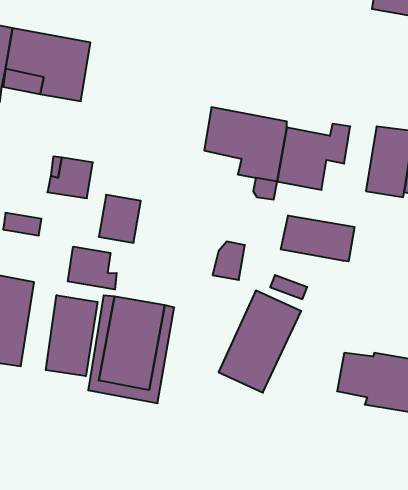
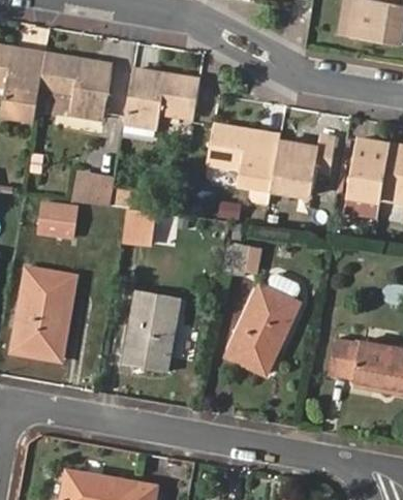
building: none -> [124,72,203,129]
building: [281,215,355,261] -> none
building: [68,247,117,290] -> none
building: [46,295,97,376] -> none

